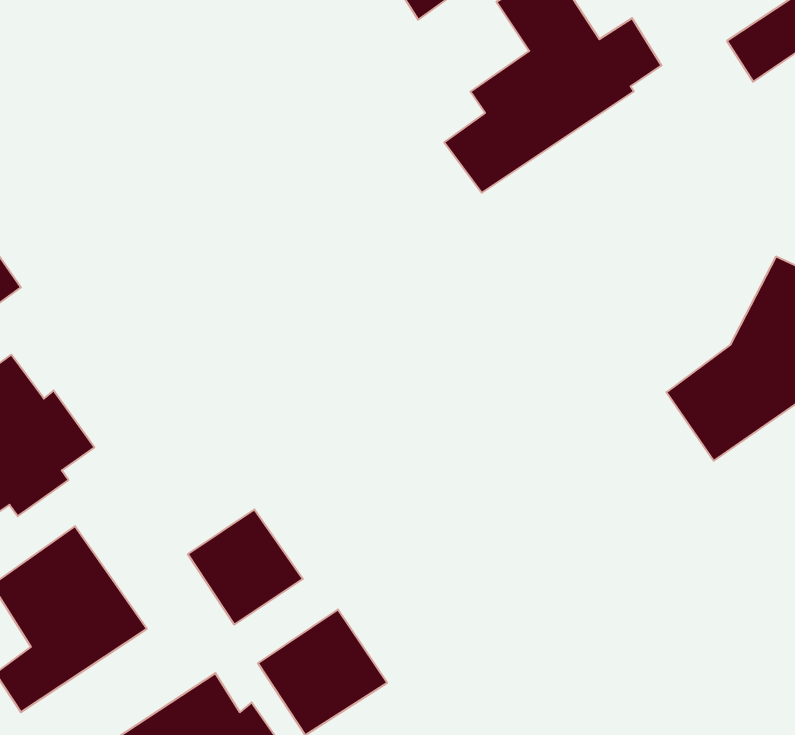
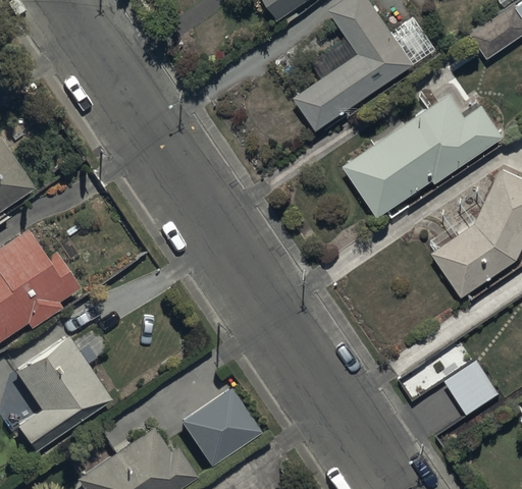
building: none -> [346,98,505,215]
building: [188,509,303,625] -> none
building: none -> [446,362,500,417]

